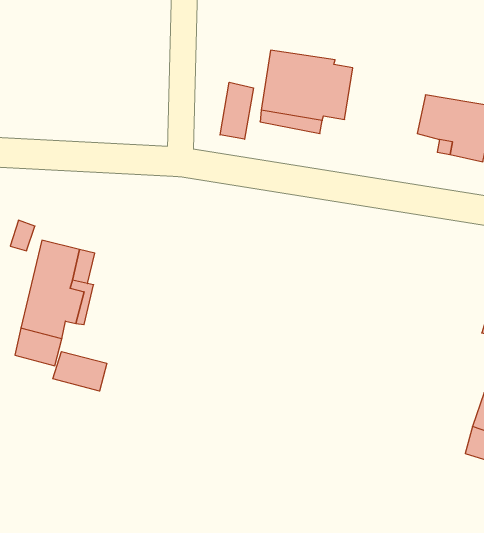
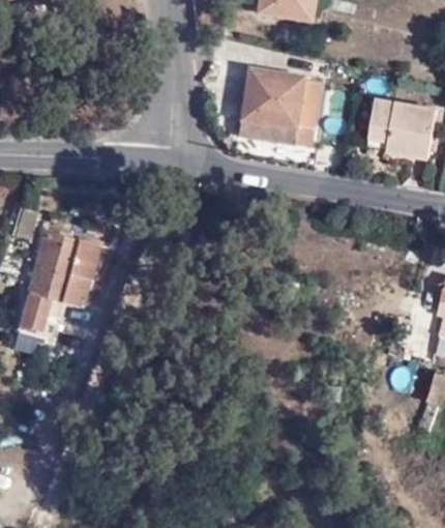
building: [220,82,253,139] -> none
building: [53,352,107,391] -> none

